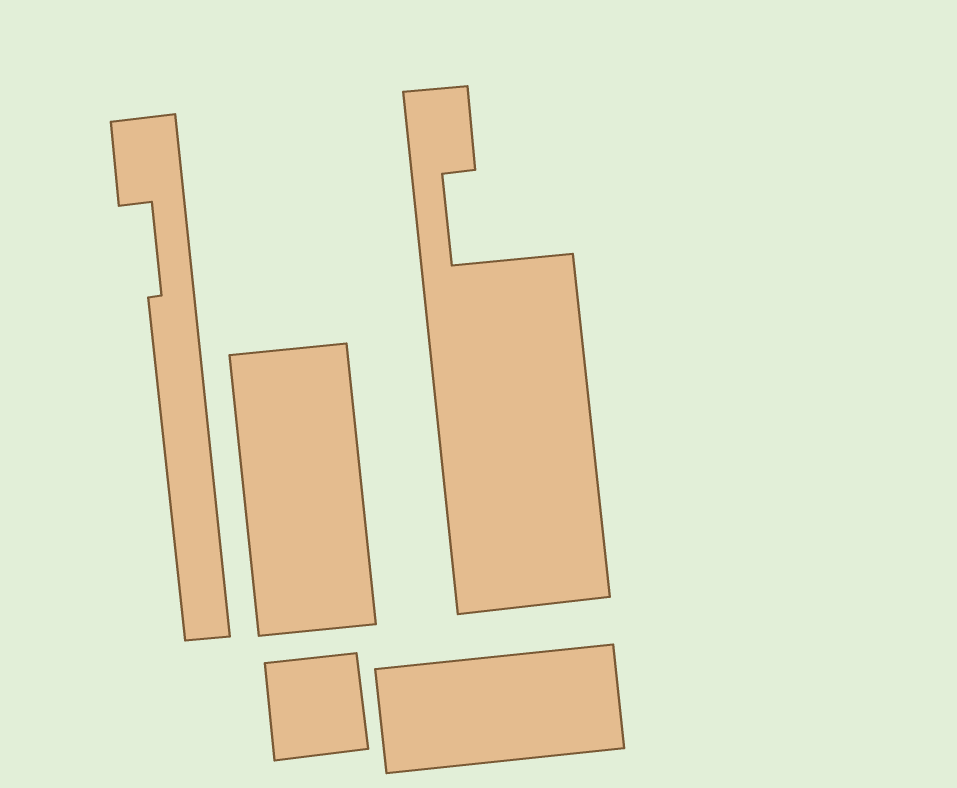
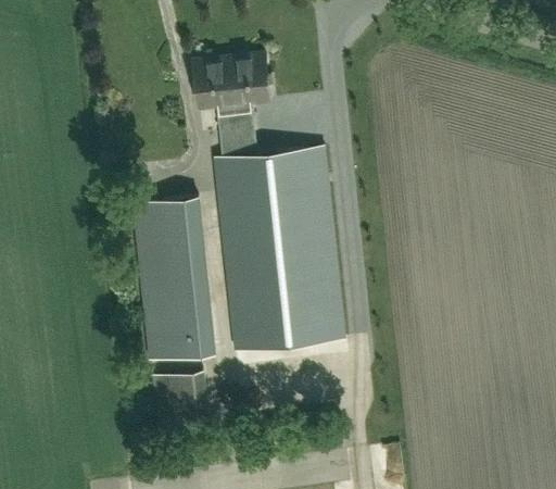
building: [111,114,230,640] -> [194,58,261,351]
building: [375,644,624,773] -> none

